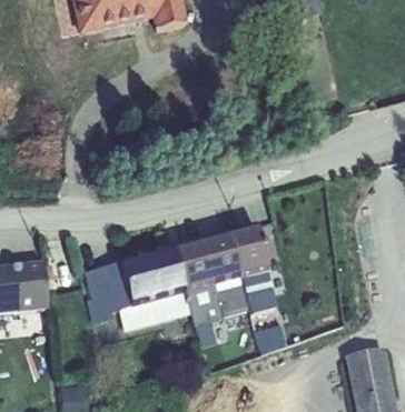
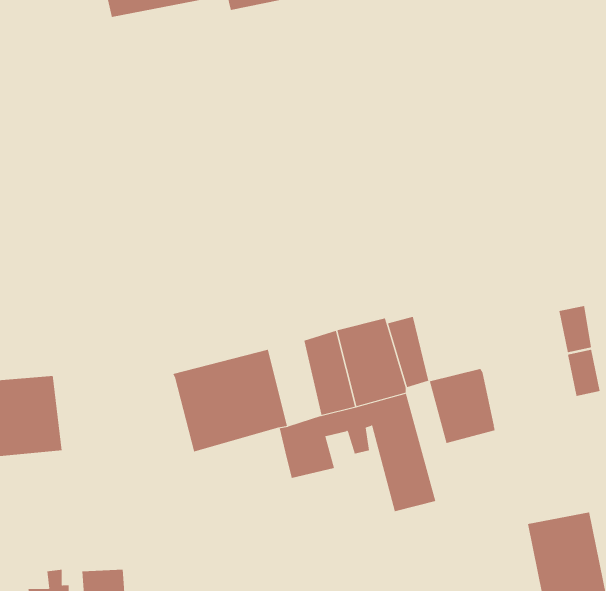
building: [180,239,214,293] -> none
building: none -> [429,368,495,444]
building: [83,262,191,331] -> none

